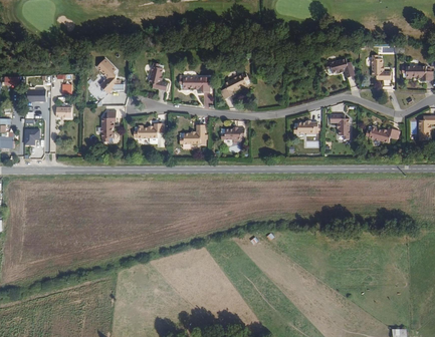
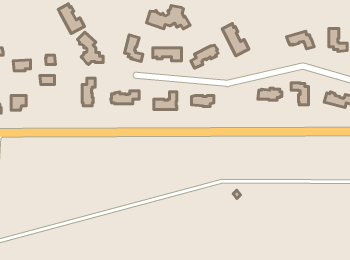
building: none -> [58,4,84,33]
building: none -> [146,5,190,29]
building: none -> [222,24,249,56]

